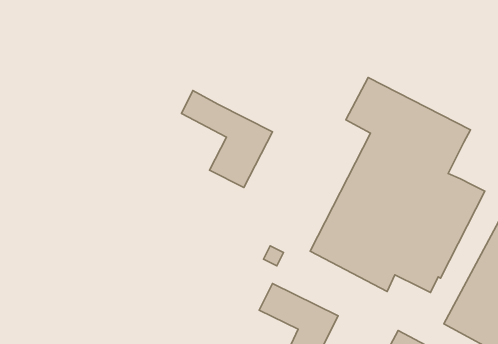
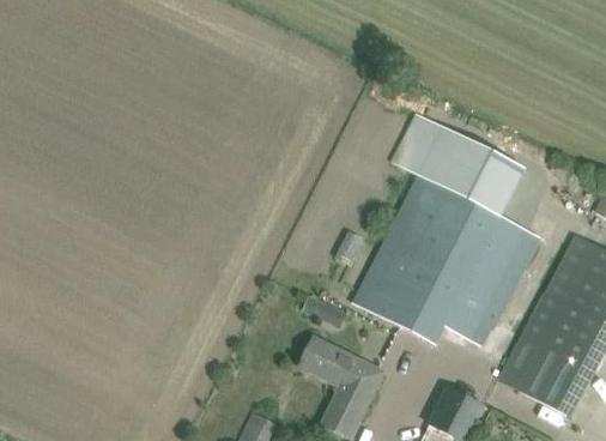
building: [181,91,272,187] -> none

